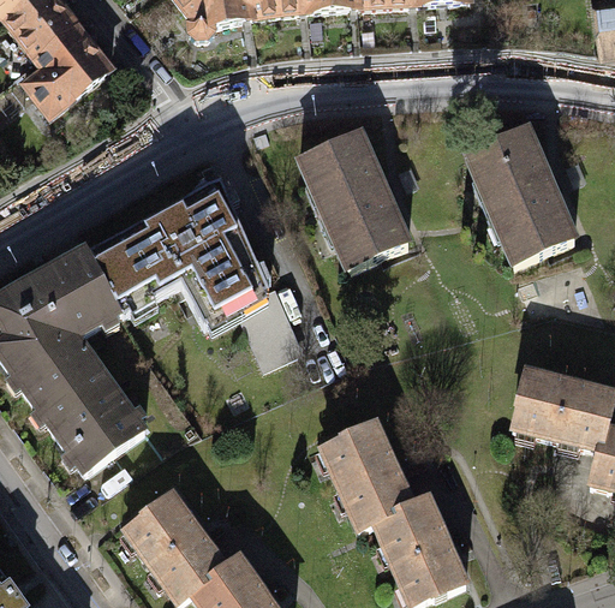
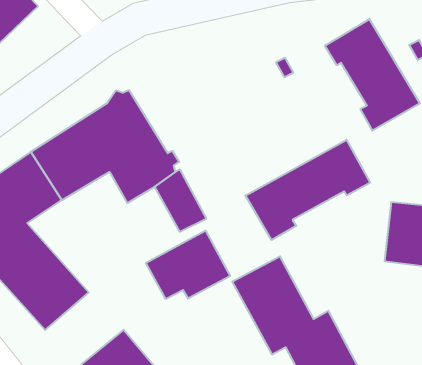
building: [294,133,405,272] -> none
building: none -> [245,140,370,240]
building: none -> [146,231,230,299]

